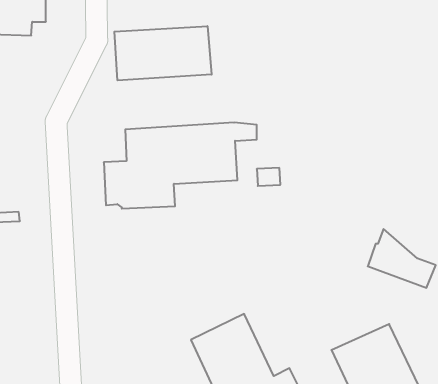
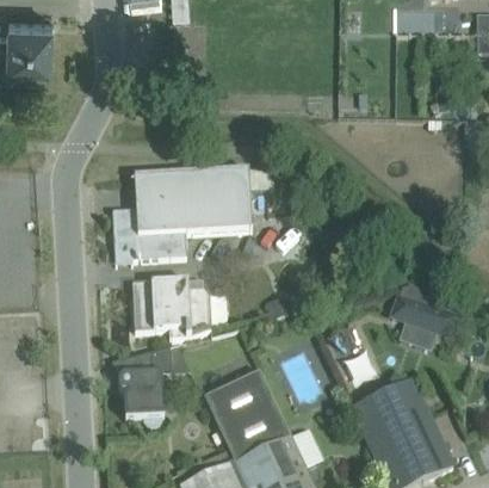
building: [114,26,212,80] -> none
building: none -> [132,279,211,335]
building: none -> [118,345,172,425]

